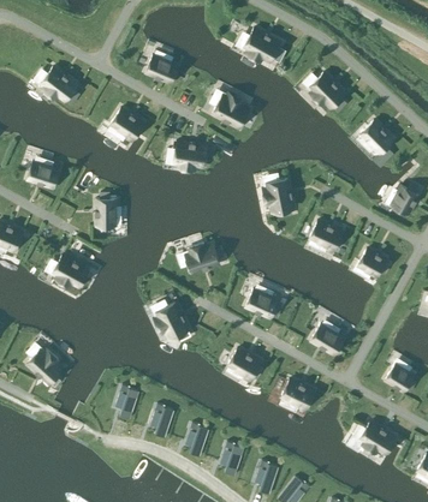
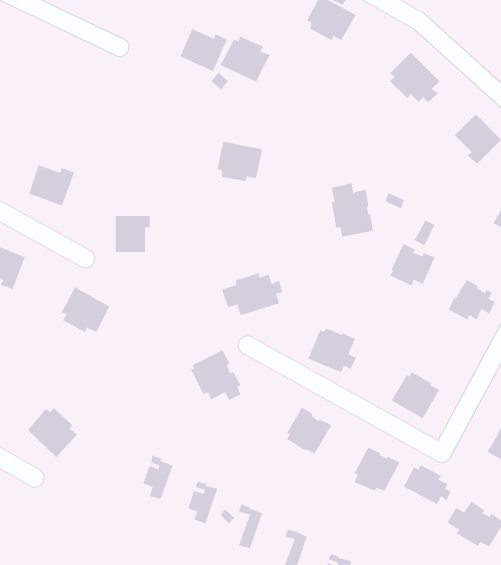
building: [41,62,81,100] -> none
building: [213,89,252,125] -> [220,36,270,82]
building: [109,103,147,142] -> none
building: none -> [403,465,451,505]

